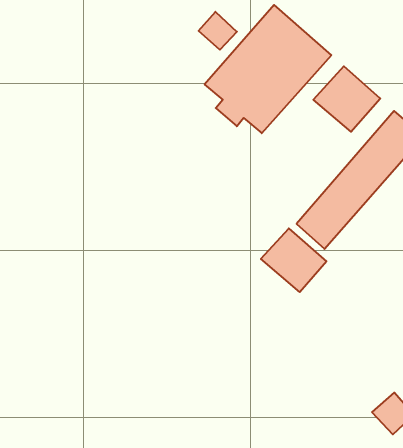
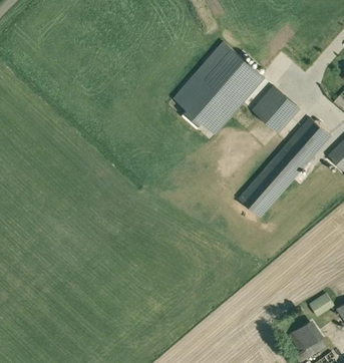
building: [199,12,237,50] -> none
building: [261,228,326,292] -> none

